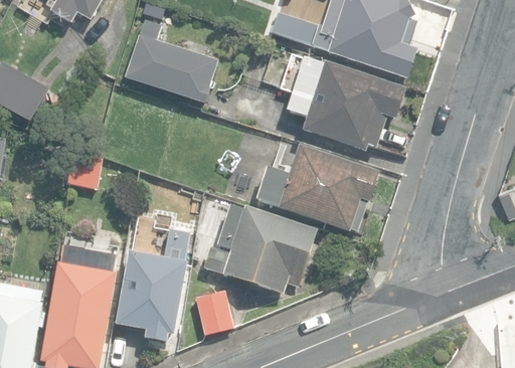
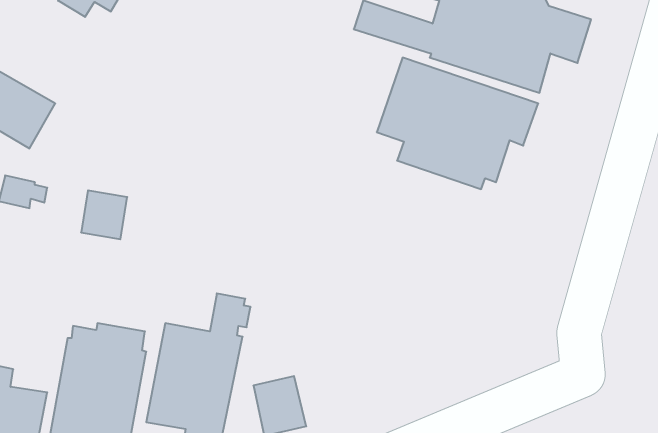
building: [125,17,218,104] -> none
building: [254,145,379,232] -> none
building: [202,203,317,294] -> none

